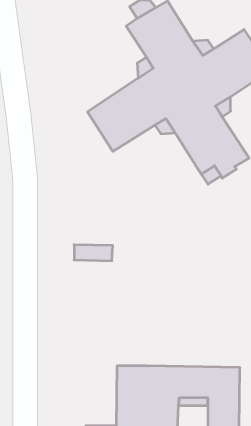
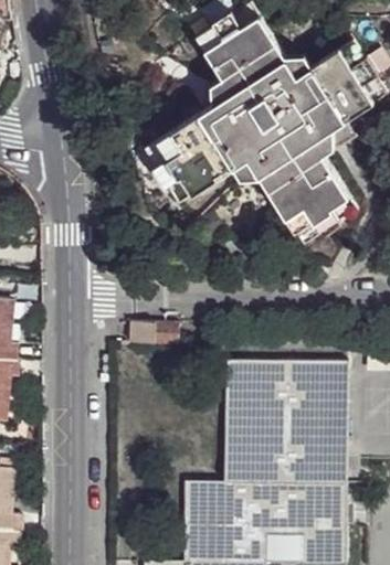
building: none -> [224,364,347,487]

